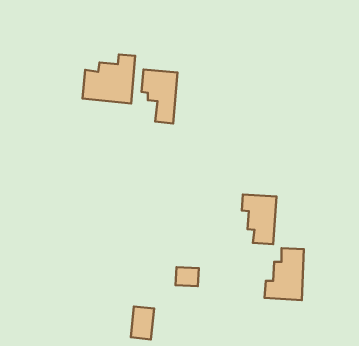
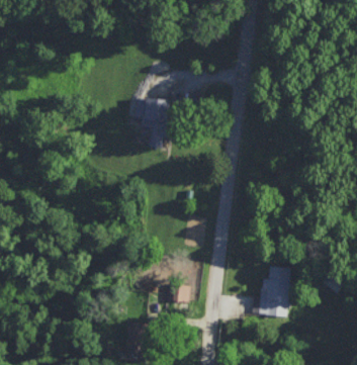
building: [83,55,135,103] -> none
building: [242,194,277,244] -> none

